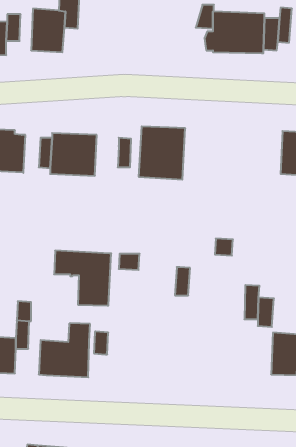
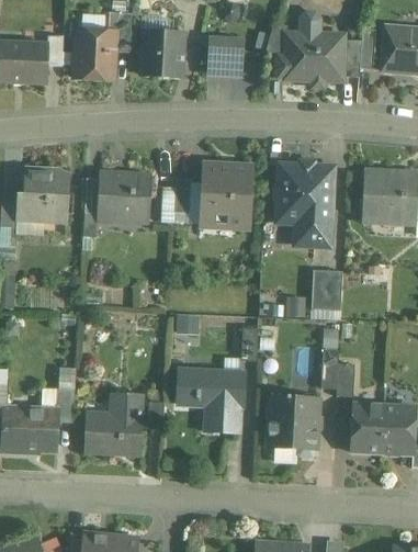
building: none -> [143,32,183,77]
building: none -> [208,38,244,74]
building: none -> [276,166,334,247]
building: none -> [312,270,342,311]
building: [54,251,111,306] -> [178,369,244,432]
building: none -> [269,395,319,458]

